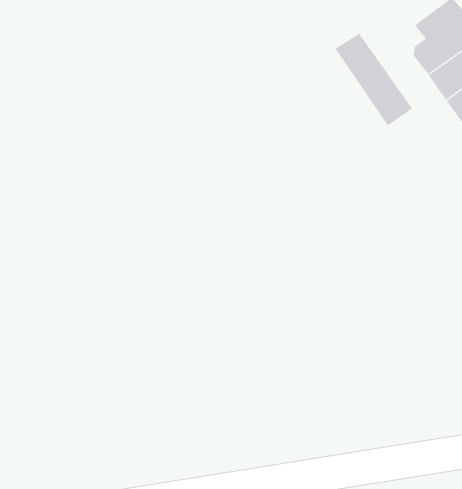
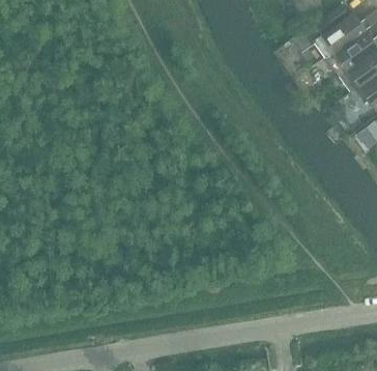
building: [335,33,413,126] -> none

